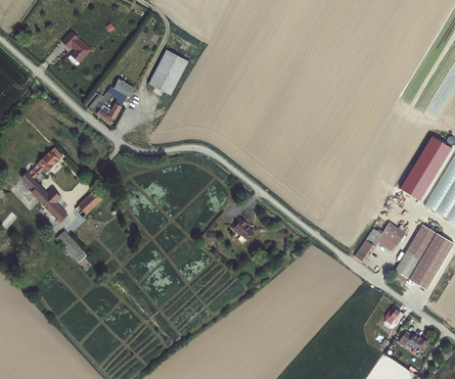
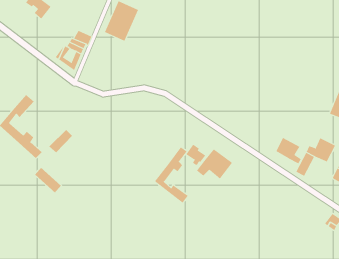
building: none -> [275,137,302,164]
building: none -> [154,147,189,204]
building: none -> [196,148,233,179]

